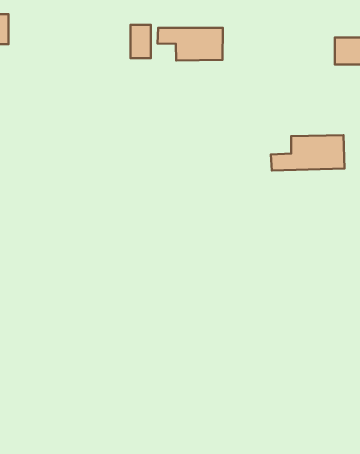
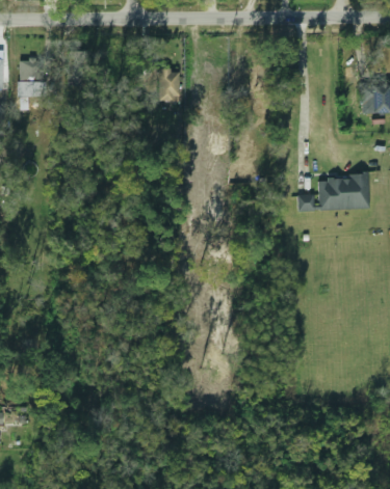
building: [158,28,223,60] -> none

